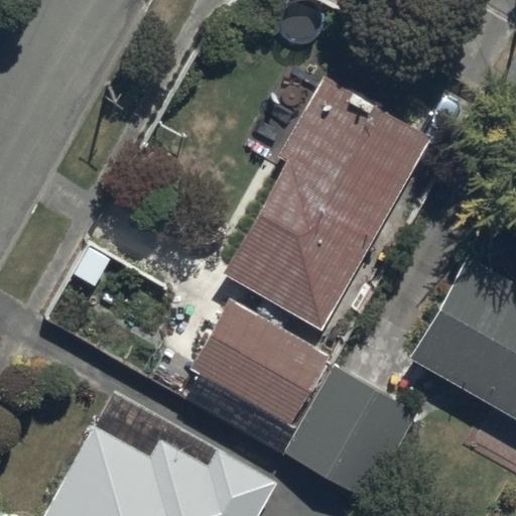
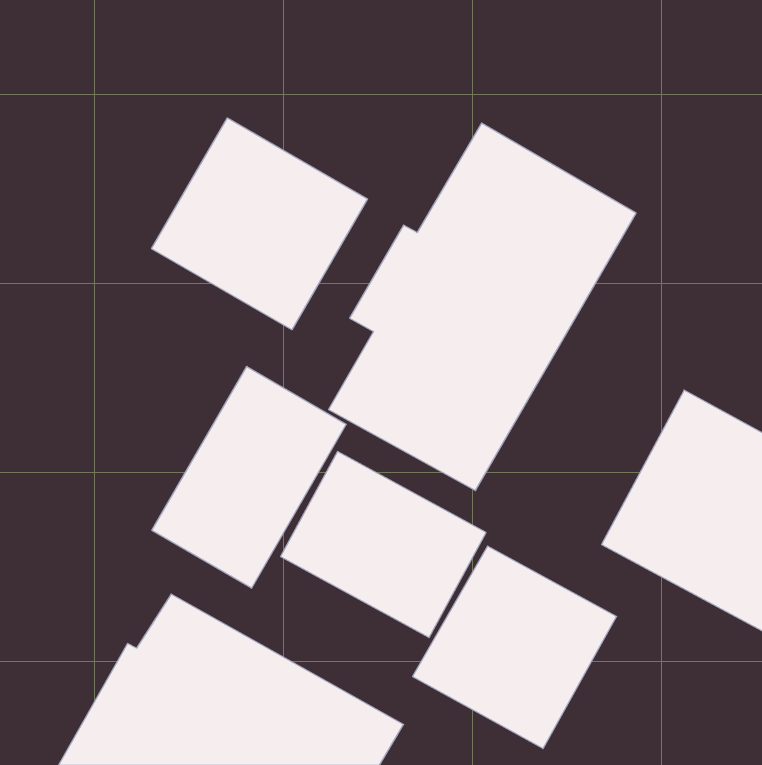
building: none -> [152,118,368,330]
building: none -> [152,366,346,588]

